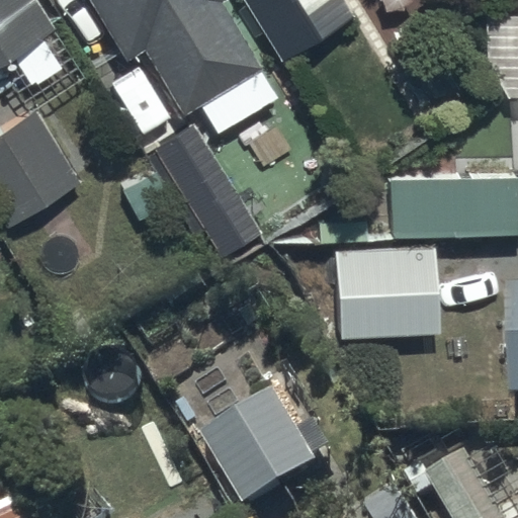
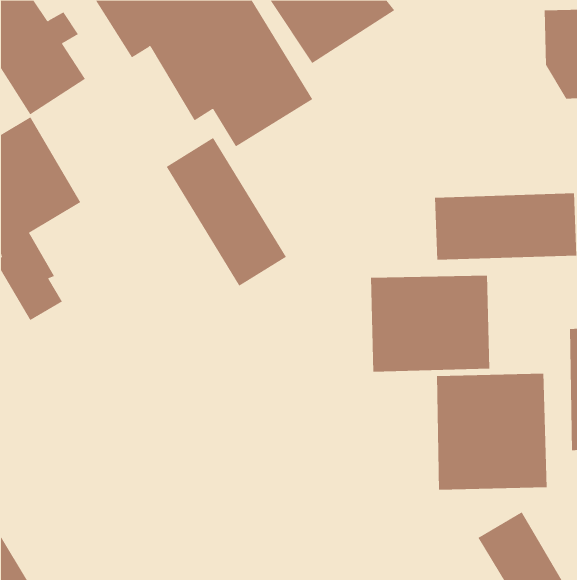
building: none -> [436,373,547,491]
building: [202,394,320,510] -> none

